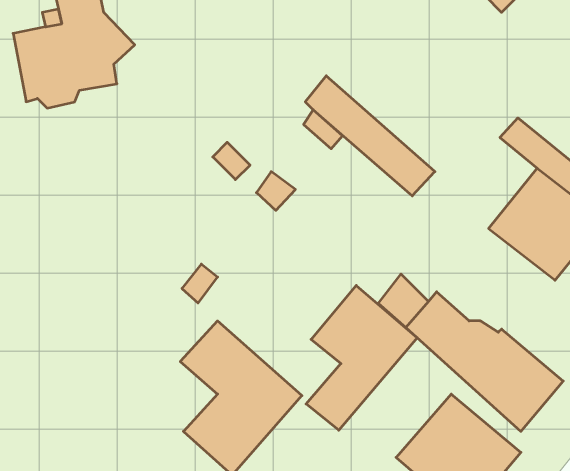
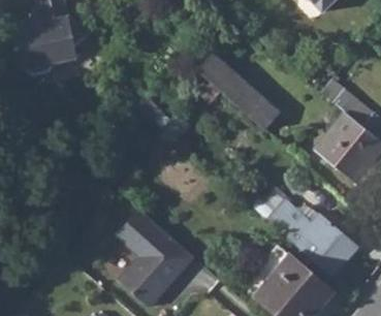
building: [306,285,417,430] -> none

